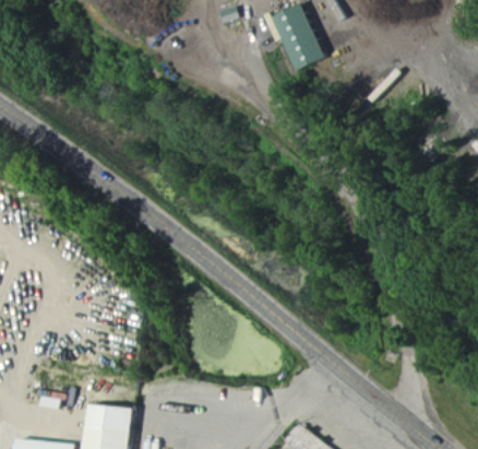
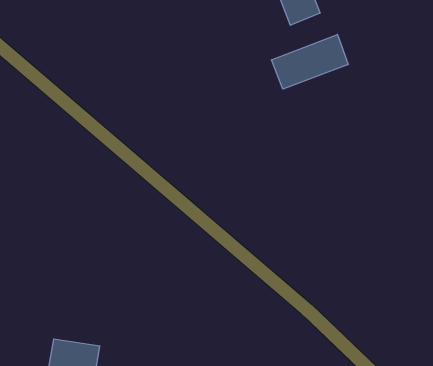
building: none -> [271,34,348,89]

